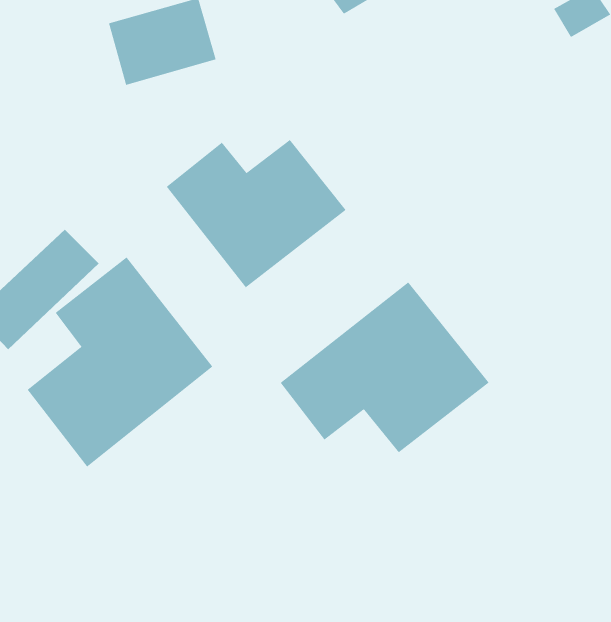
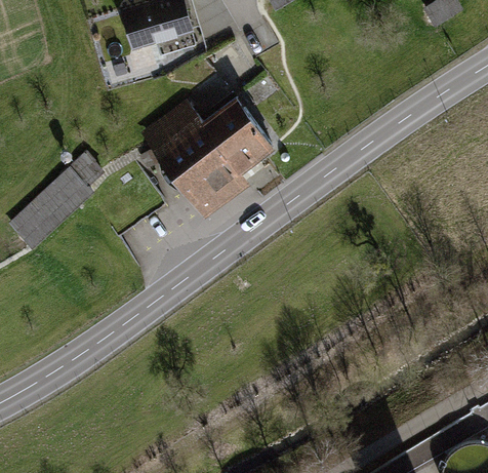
building: [27,257,213,468] -> none
building: [280,282,489,453] -> none

